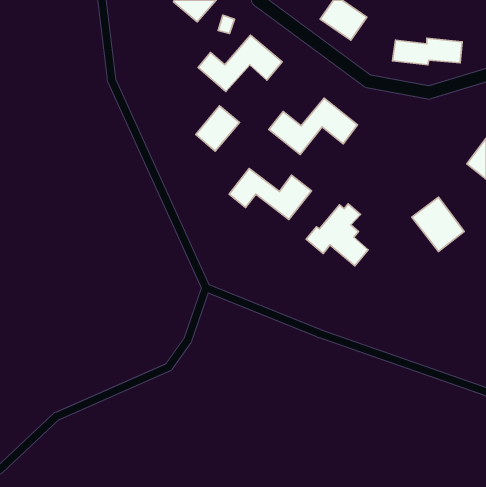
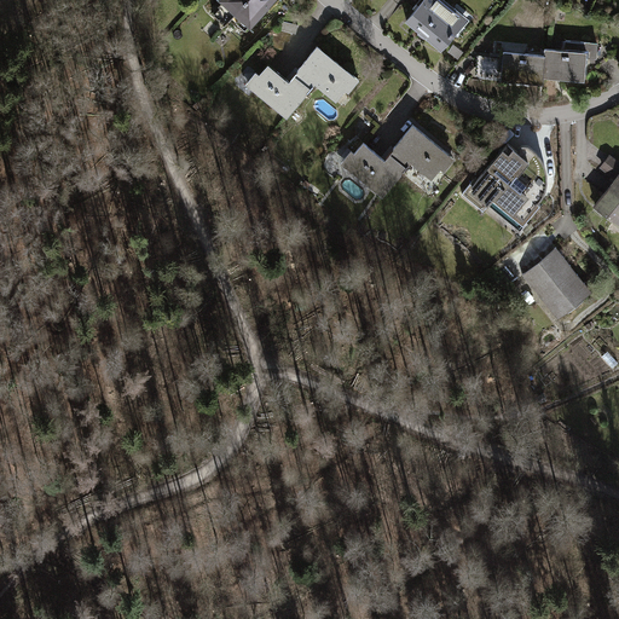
building: [196,106,240,151] -> none
building: [229,169,311,220] -> none
building: [306,204,368,266] -> [462,149,540,227]

